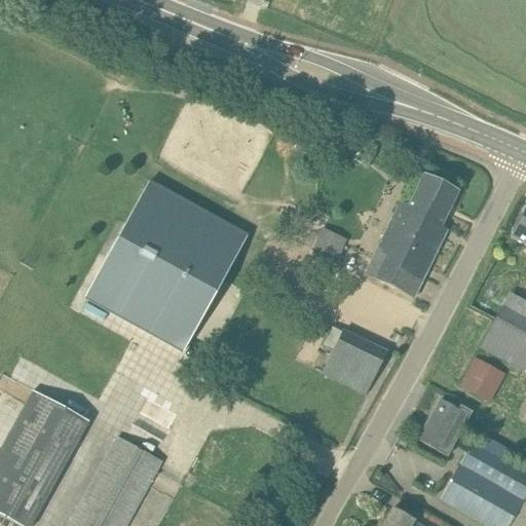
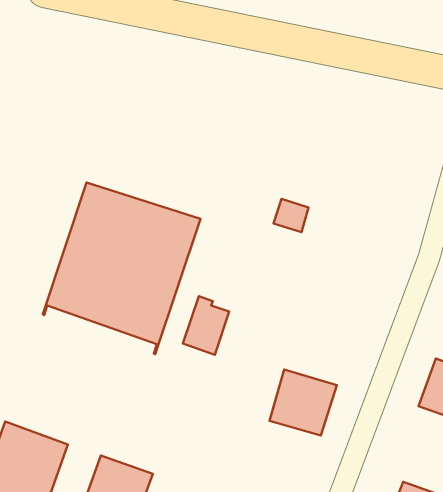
building: [365,175,459,298] -> none
building: none -> [183,296,229,355]
building: [322,329,389,396] -> [270,369,337,436]

